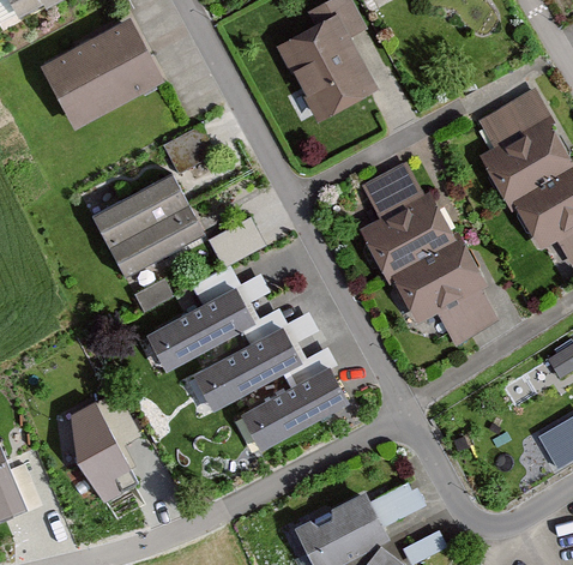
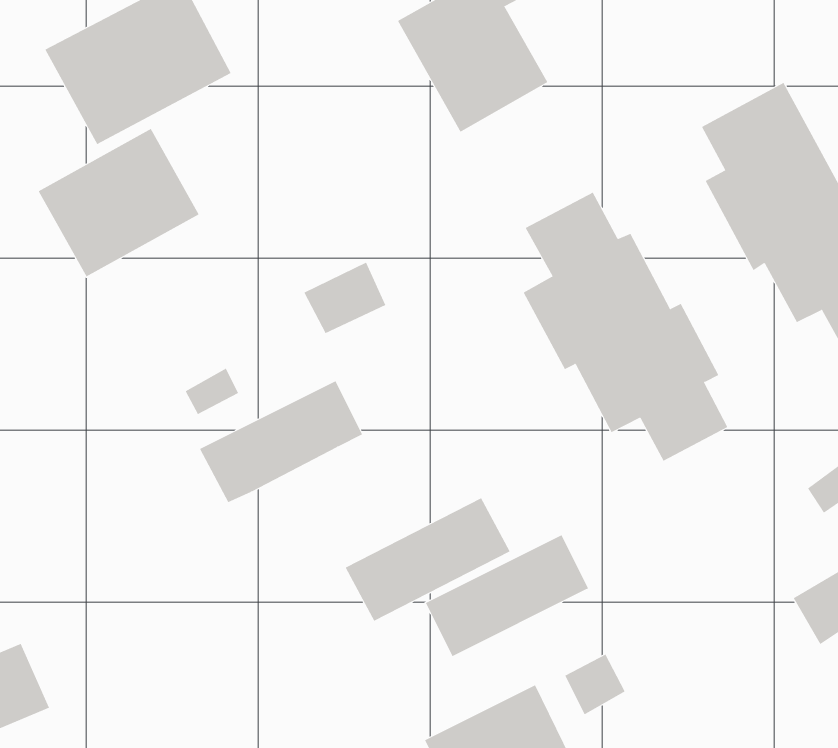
building: [95,176,203,276] -> [38,128,200,277]
building: [189,326,298,408] -> [425,534,589,657]
building: [71,404,138,509] -> none

